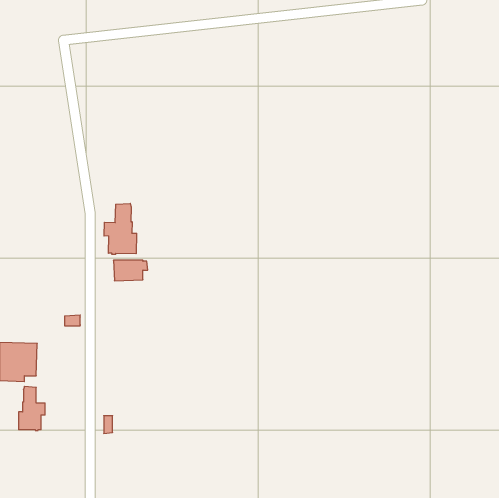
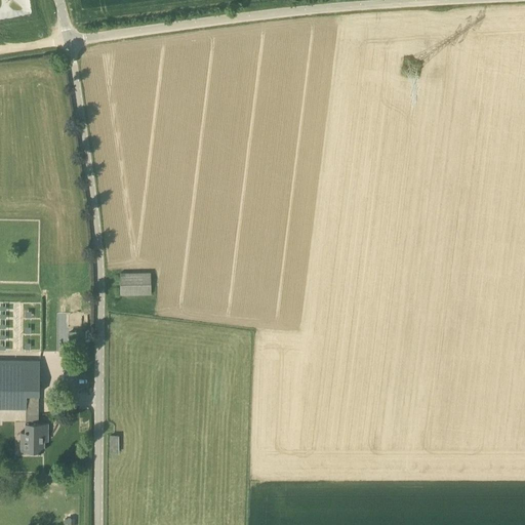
building: [104,203,137,254] -> none

